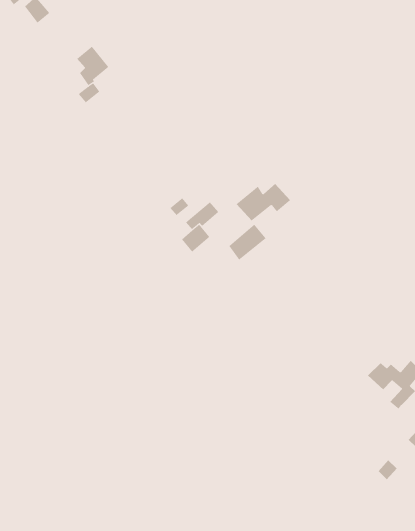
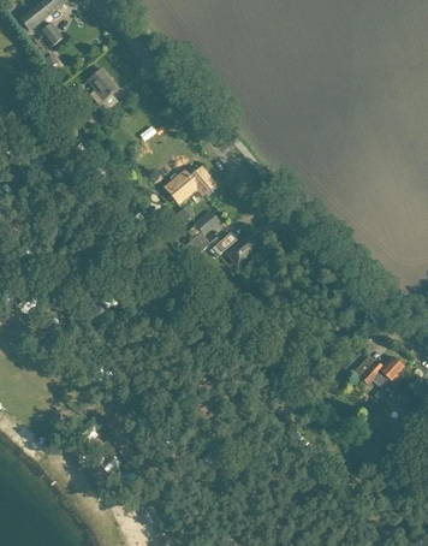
building: [236,183,291,221] -> [165,167,215,202]

